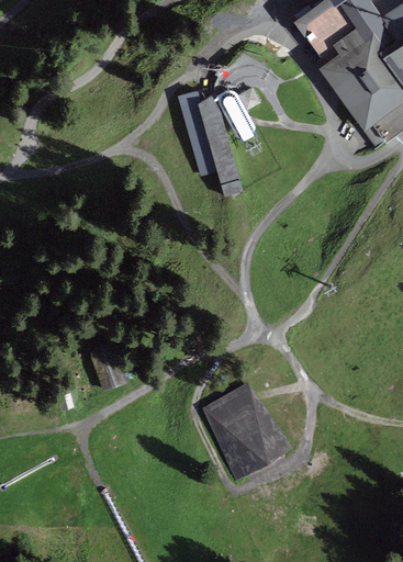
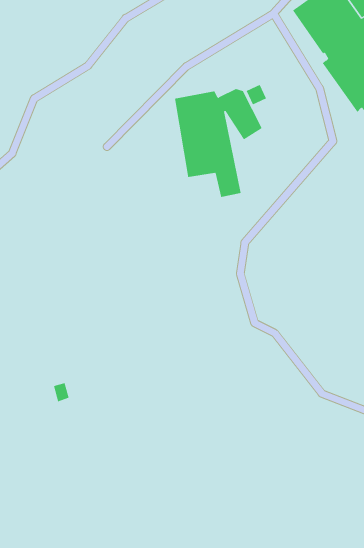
building: [208,386,289,476] -> none

